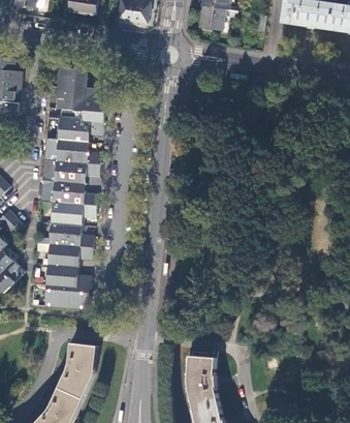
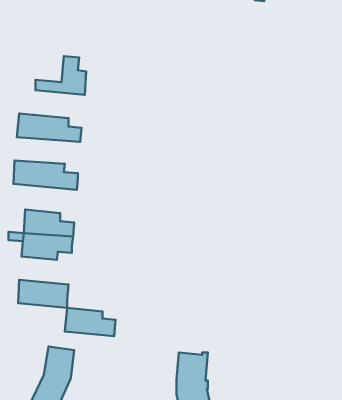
building: [56,66,88,110] -> none
building: [59,117,104,142] -> none
building: [42,158,100,182] -> none
building: [52,201,97,225] -> none
building: [46,264,91,289] -> [65,308,115,336]

